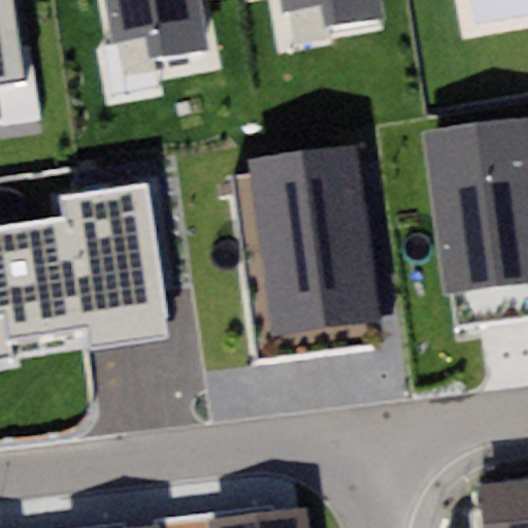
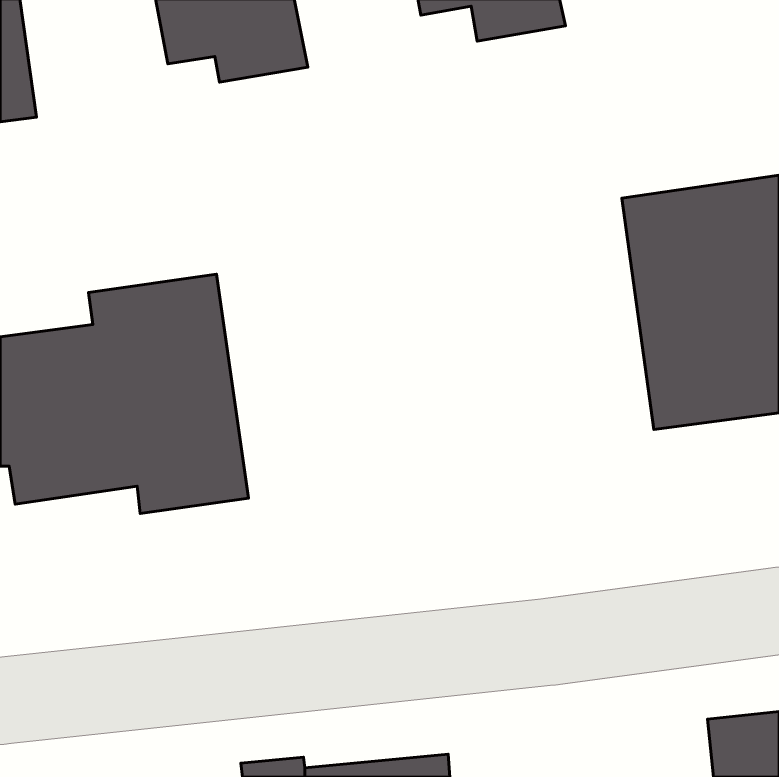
building: [253,148,384,334] -> none

